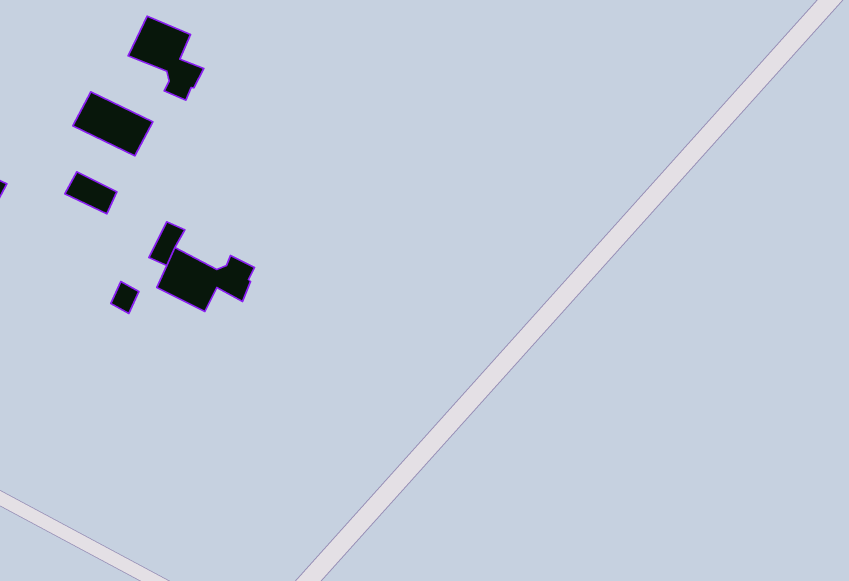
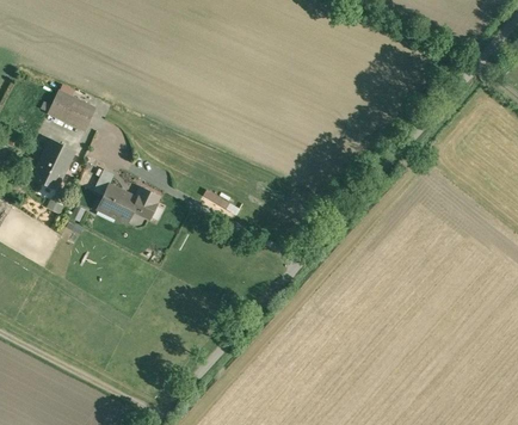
building: [128,16,204,100] -> none
building: none -> [32,153,69,191]

